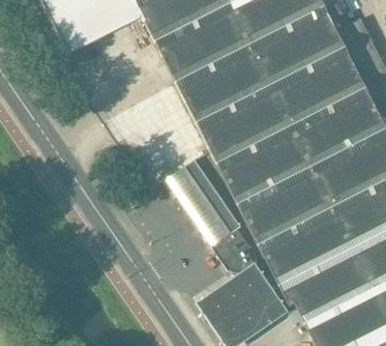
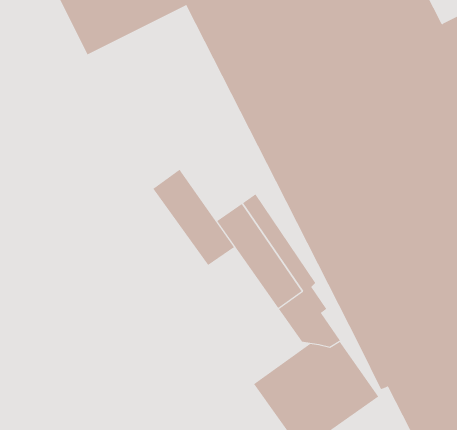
building: none -> [152,169,235,266]

